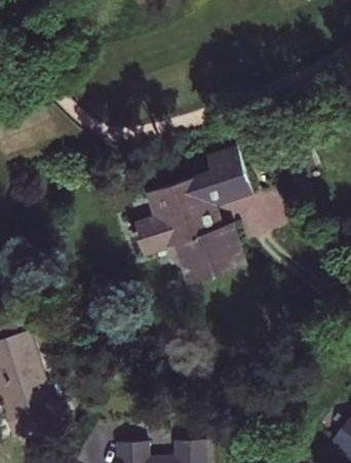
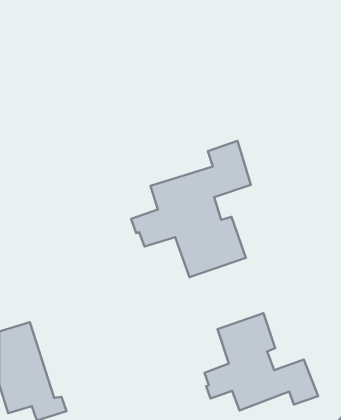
building: none -> [205,313,318,410]

